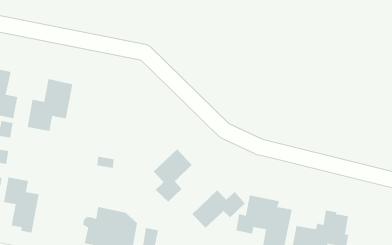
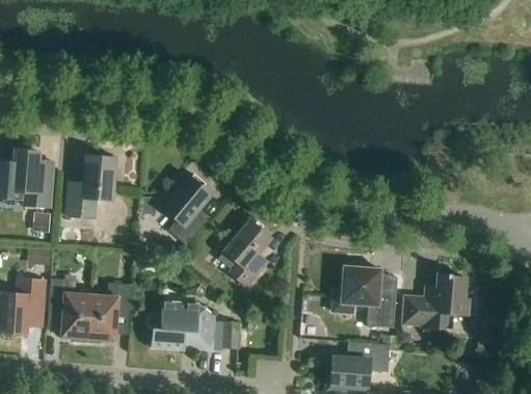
building: none -> [162,174,211,243]
building: none -> [87,282,133,343]
building: [191,190,246,228] -> none

